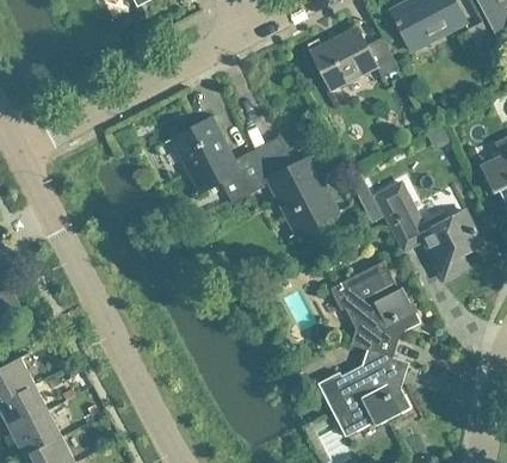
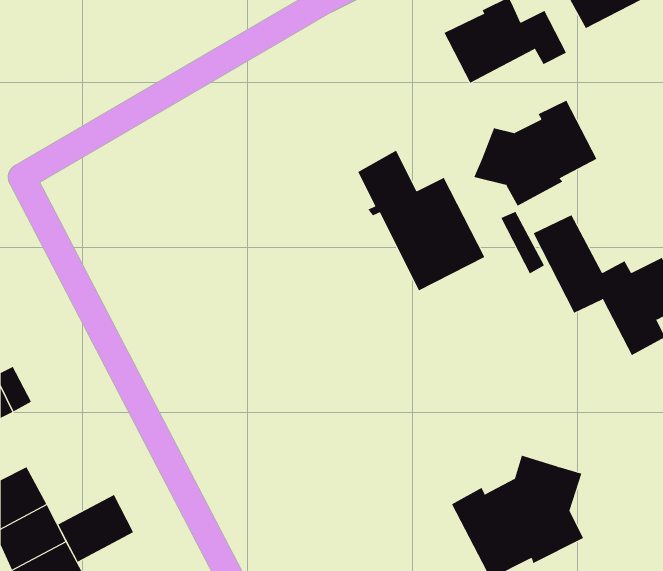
building: none -> [473,100,597,206]
building: [165,115,265,202] -> none
building: [332,260,421,357] -> none
building: none -> [58,494,134,563]

